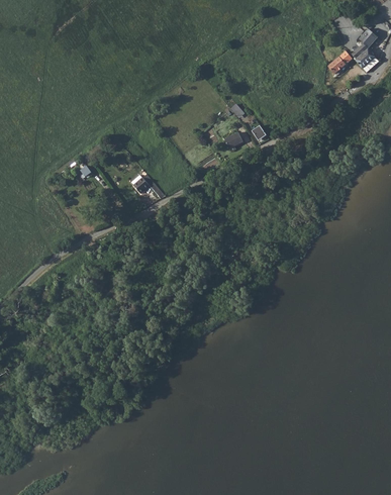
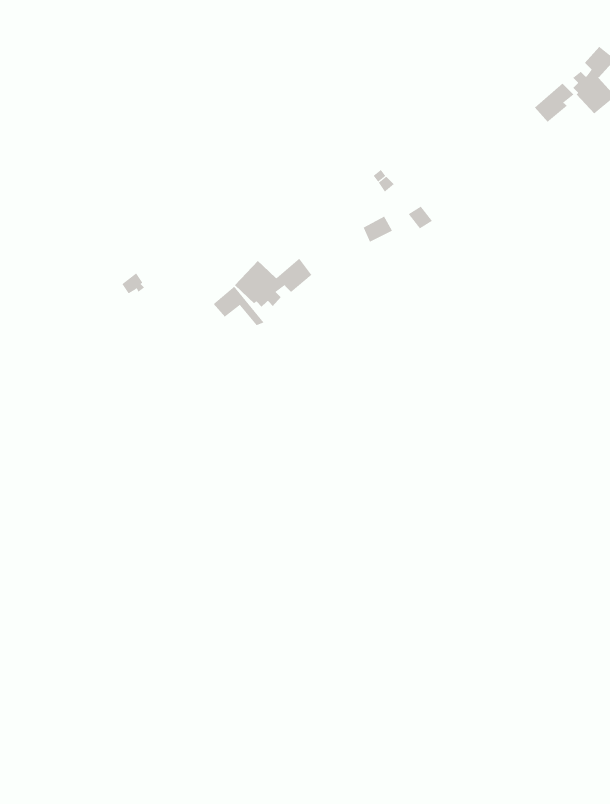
building: none -> [234,258,312,308]

